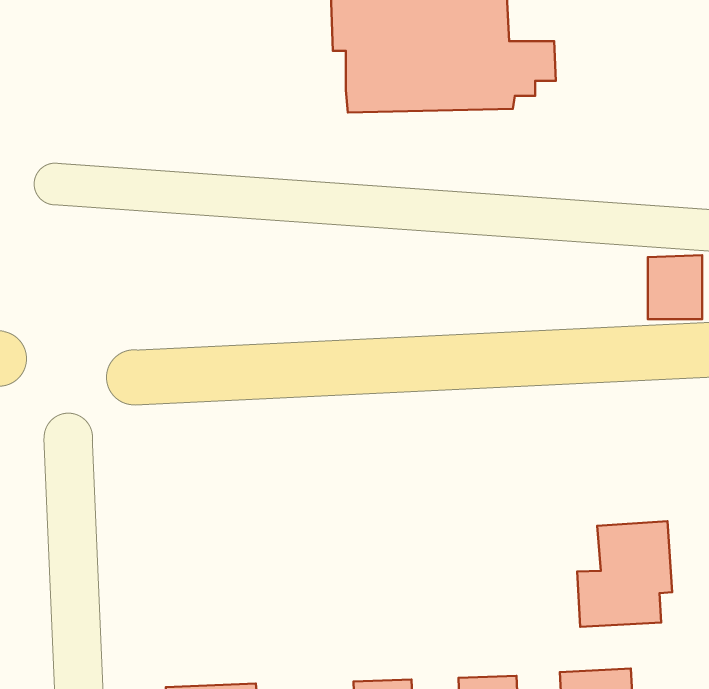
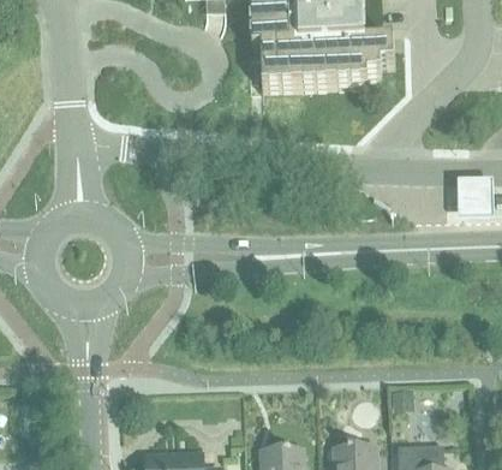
building: [577,521,672,627] -> none

